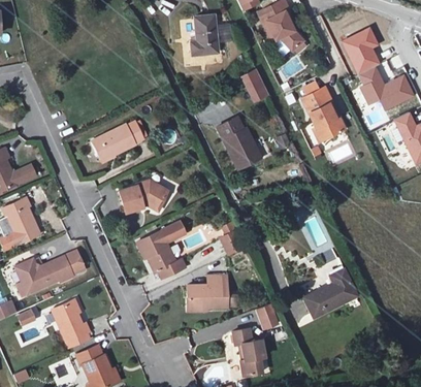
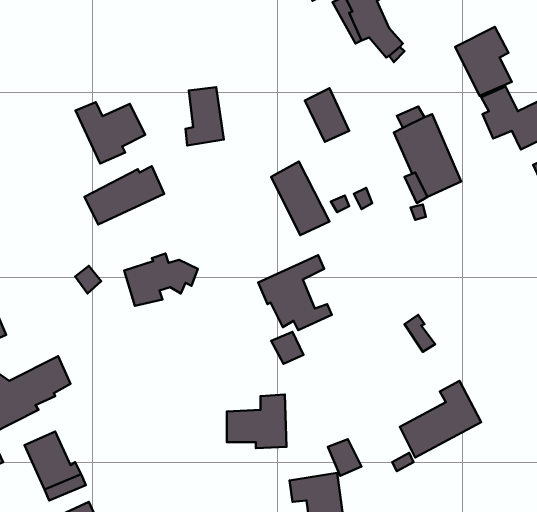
building: [191,13,217,53] -> [186,87,224,146]
building: none -> [76,102,145,164]
building: [138,225,188,276] -> [258,255,332,330]

